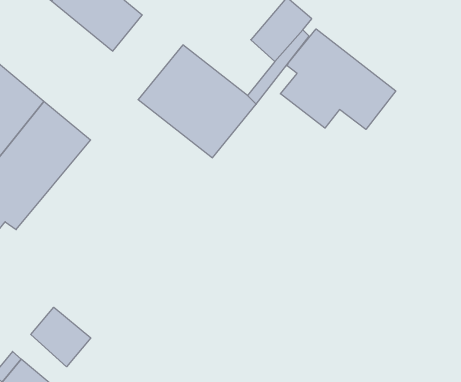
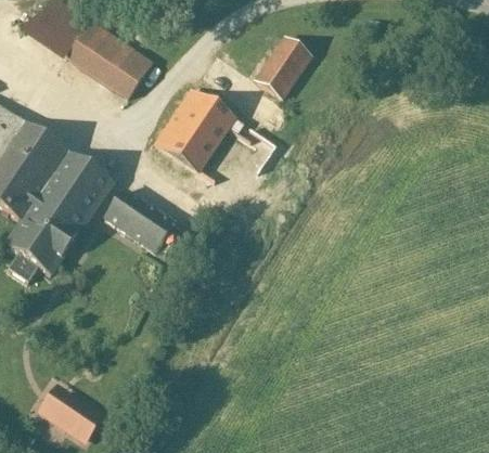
building: [280,29,396,129] -> none
building: none -> [103,191,178,255]
building: [31,307,91,367] -> none

